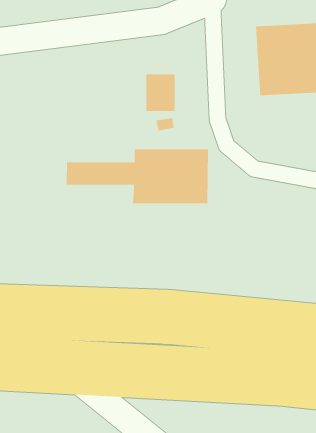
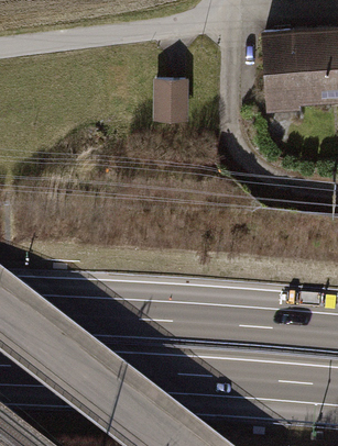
building: [66,148,209,204] -> none

